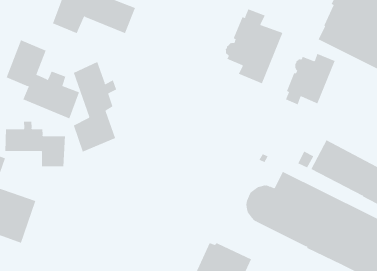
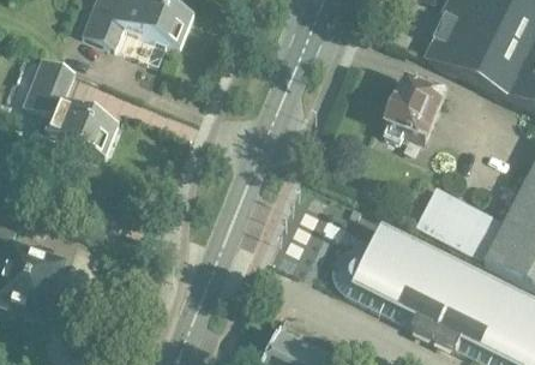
building: [225,9,283,84] -> none
building: [73,61,117,153] -> none
building: [5,121,65,167] -> none

